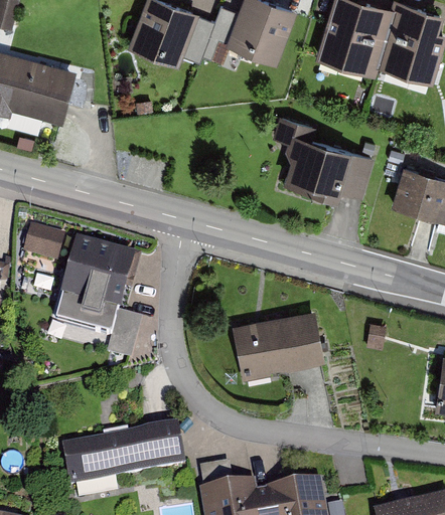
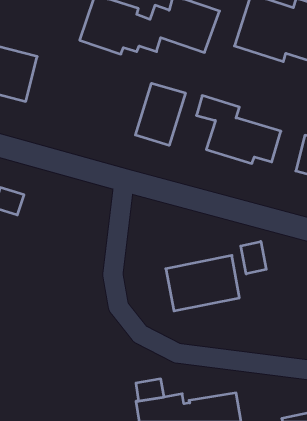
building: none -> [135,83,185,145]
building: [52,241,140,355] -> none
building: none -> [241,241,266,274]
building: [59,423,183,487] -> none

